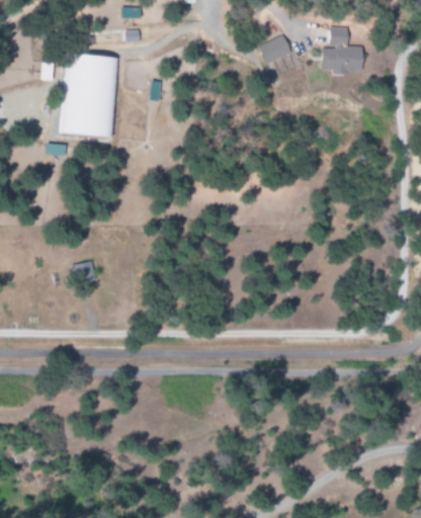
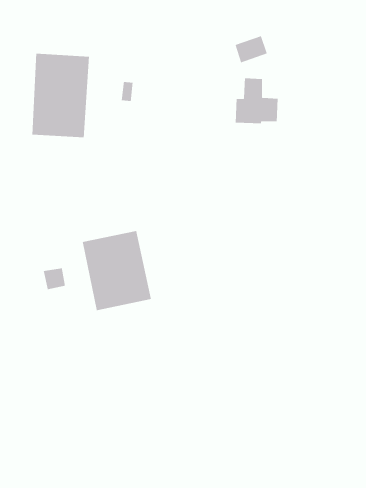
building: [320,26,362,72] -> [235,77,278,124]
building: none -> [82,230,152,311]

